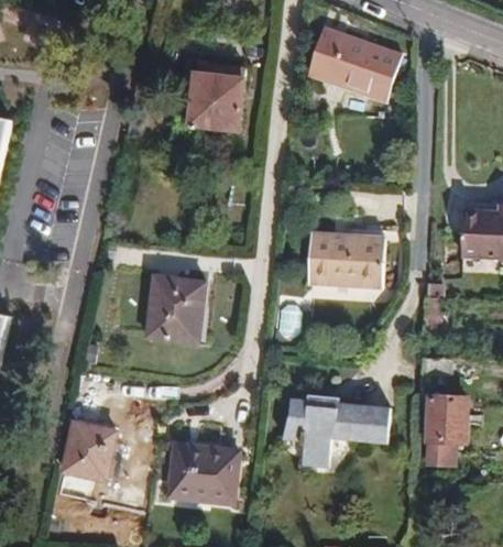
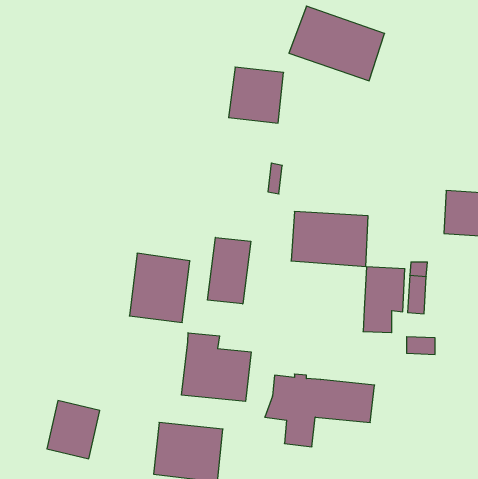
building: [188,74,243,130] -> [229,67,284,123]
building: none -> [208,237,251,304]
building: none -> [182,333,251,401]
building: [426,396,468,462] -> [363,267,405,333]

